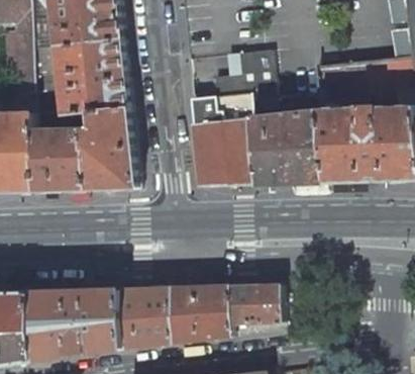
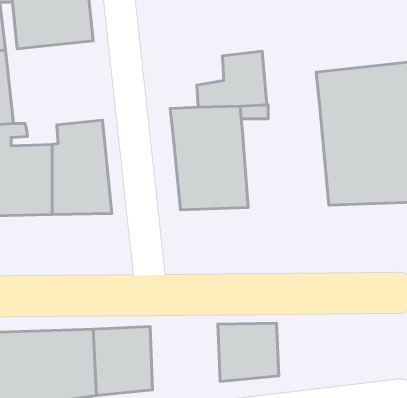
building: [56,39,129,116] -> none
building: [250,94,325,184] -> none
building: [171,285,231,342] -> none

